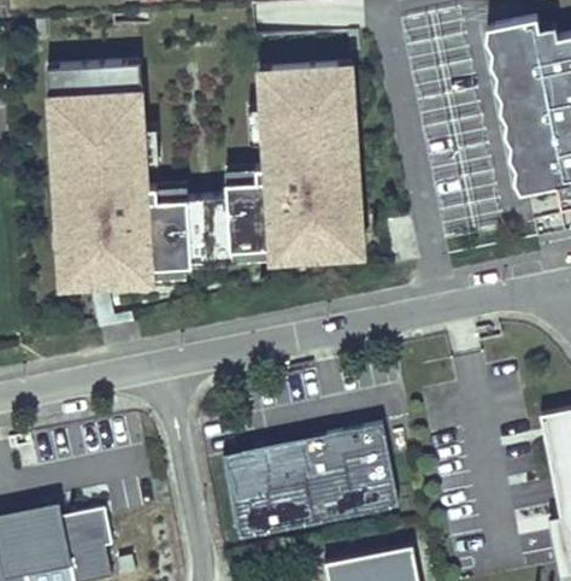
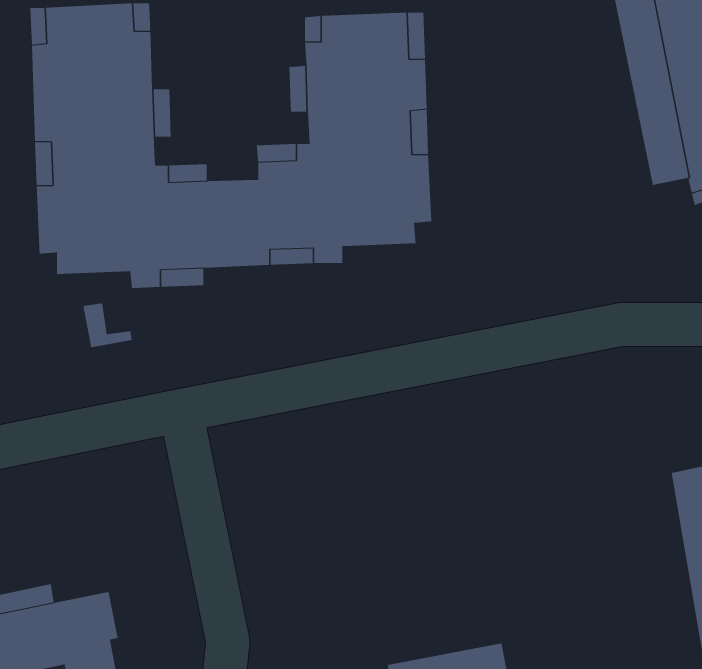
building: [289,224,359,257] -> none
building: [54,248,125,278] -> none
building: [223,428,396,540] -> none

